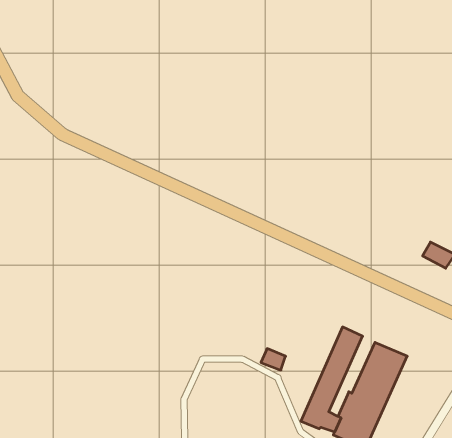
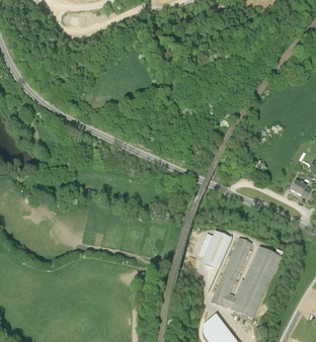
building: none -> [199,231,231,267]

